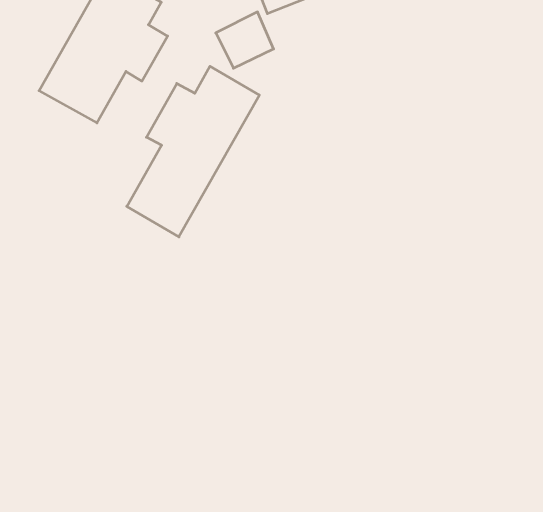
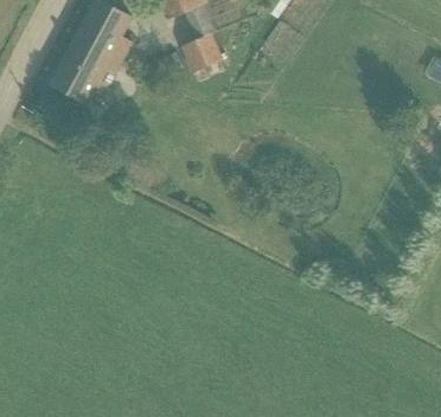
building: [127,66,259,237] -> none

